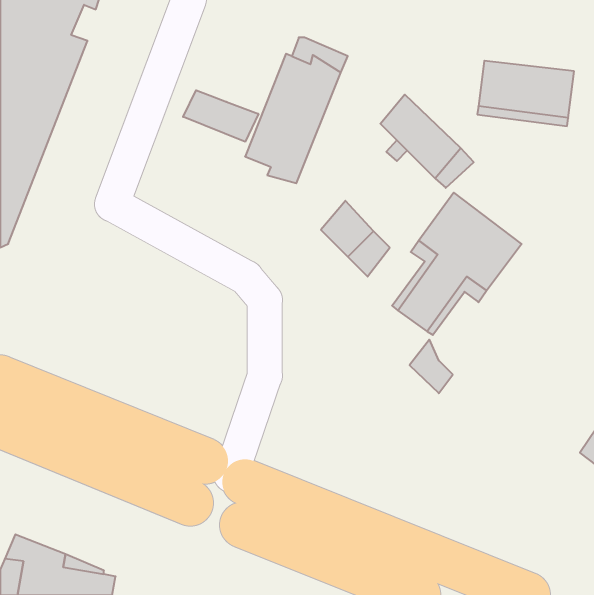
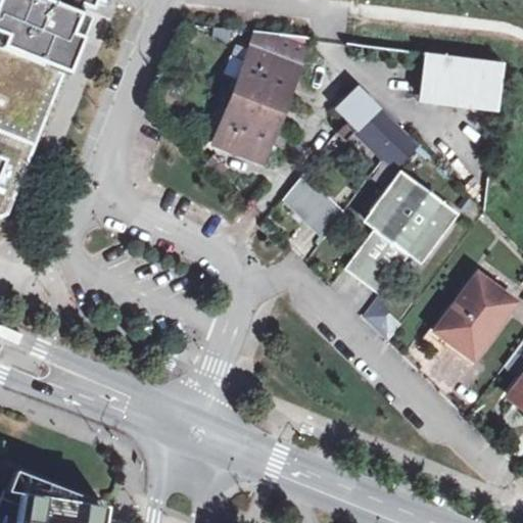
building: [183,90,258,142] -> none
building: none -> [437,275,514,356]

